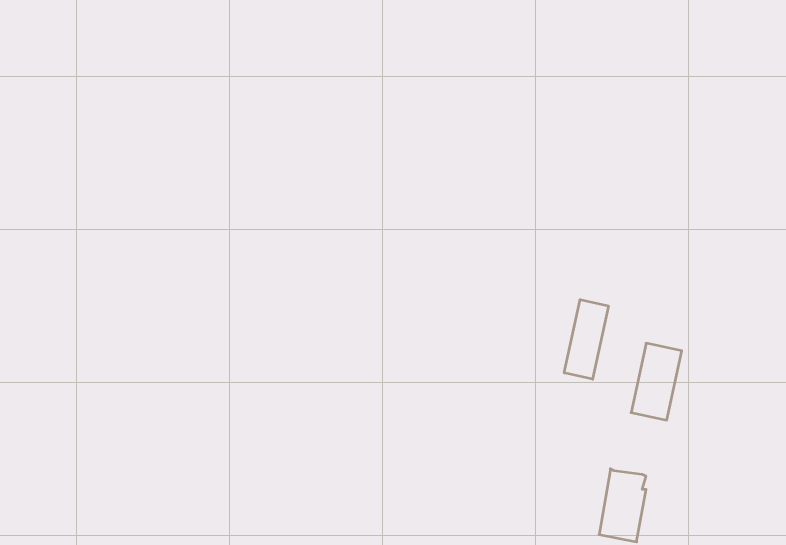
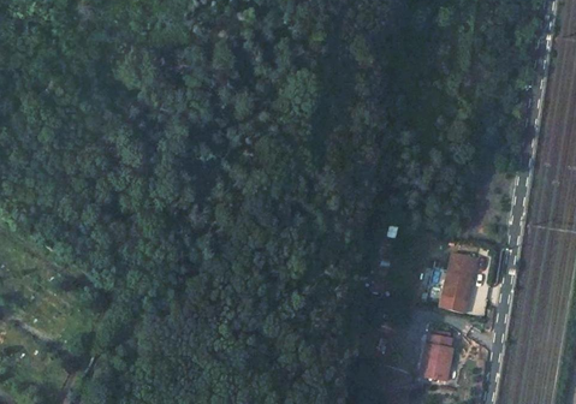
building: [564,300,608,379] -> none

